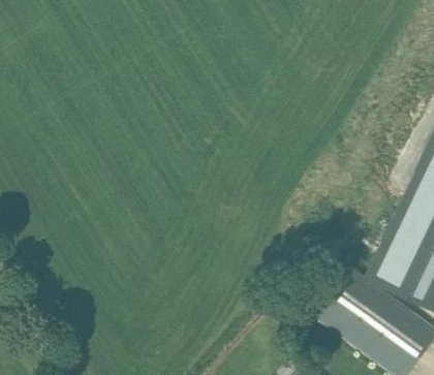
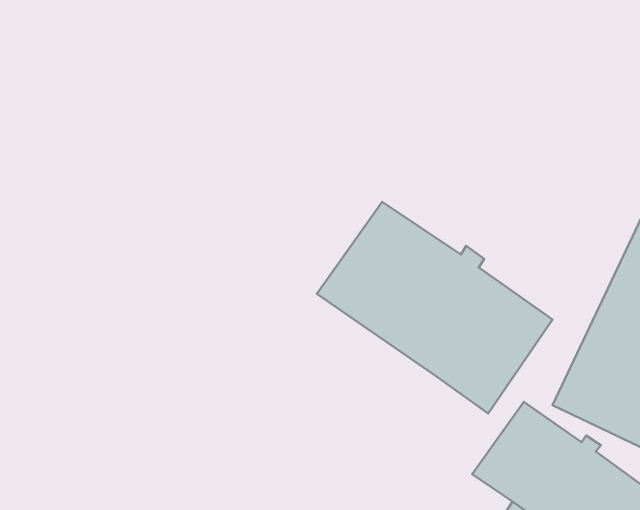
building: none -> [317,202,553,413]

